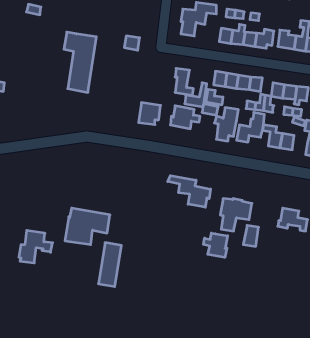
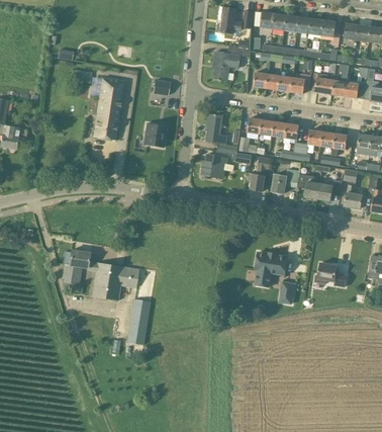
building: [139,103,161,125] -> [144,122,167,146]
building: [168,176,211,207] -> none
building: [19,230,53,263] -> [63,249,98,283]
building: [203,233,228,257] -> none

